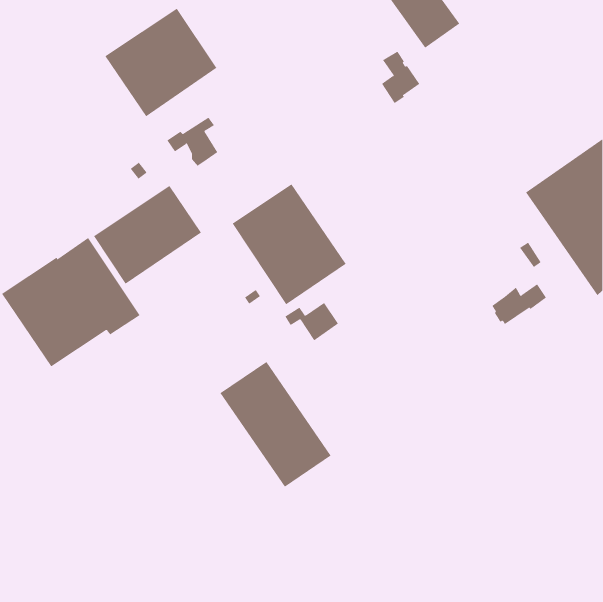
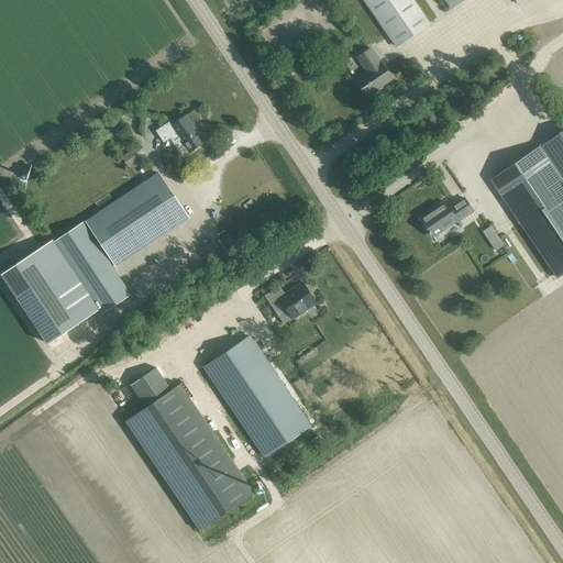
building: [105,8,217,117] -> none
building: [232,183,346,305] -> none
building: [491,283,547,325] -> [421,197,473,235]
building: none -> [125,367,254,529]

